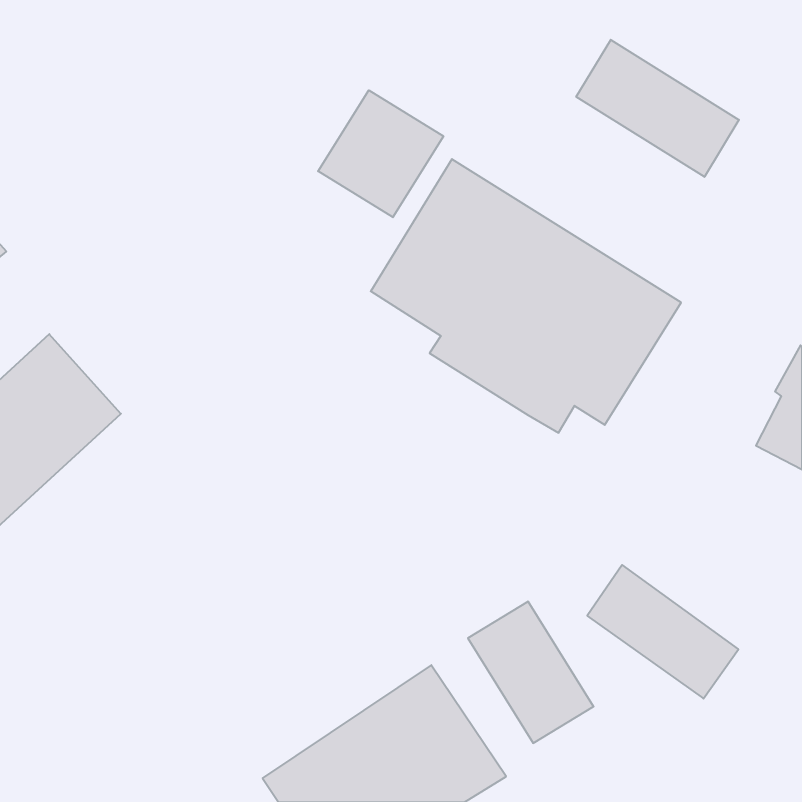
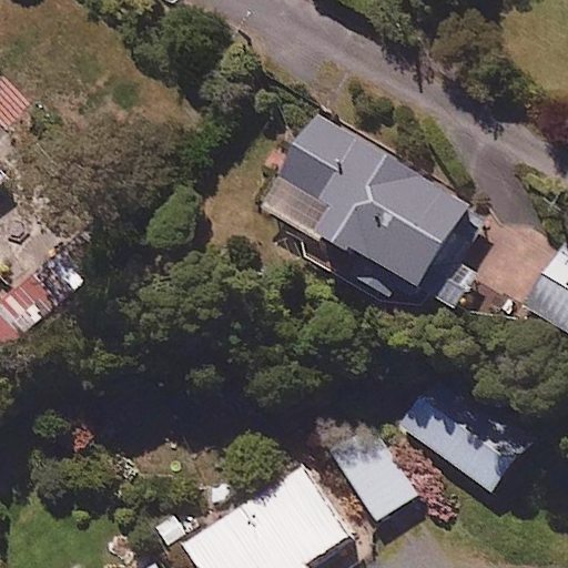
building: [576,40,739,177] -> none
building: [318,90,443,217] -> none

